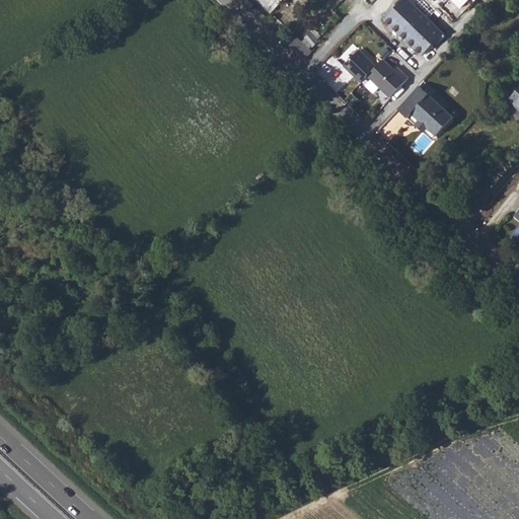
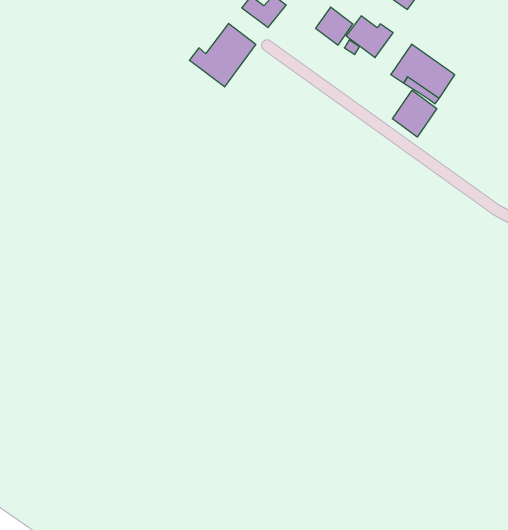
building: none -> [189,23,256,87]
building: none -> [392,90,437,137]

